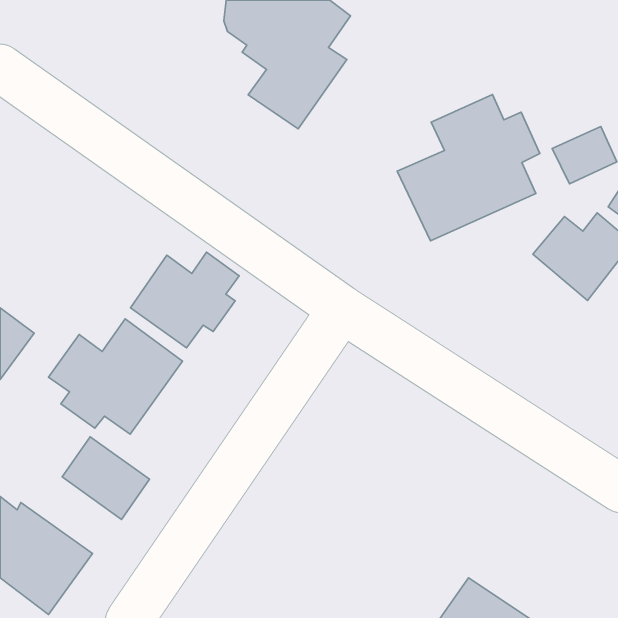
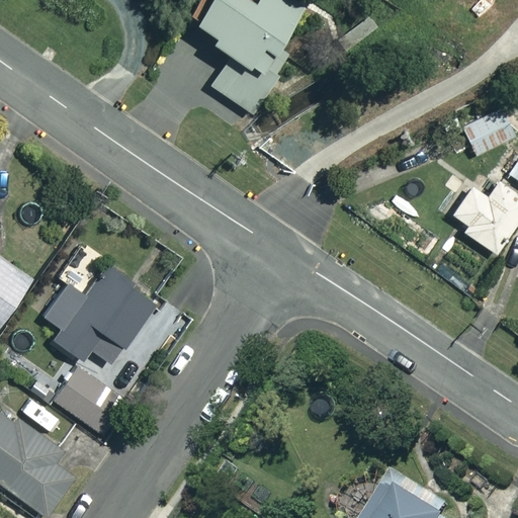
building: [397,95,540,241] -> none
building: [131,252,239,348] -> none

